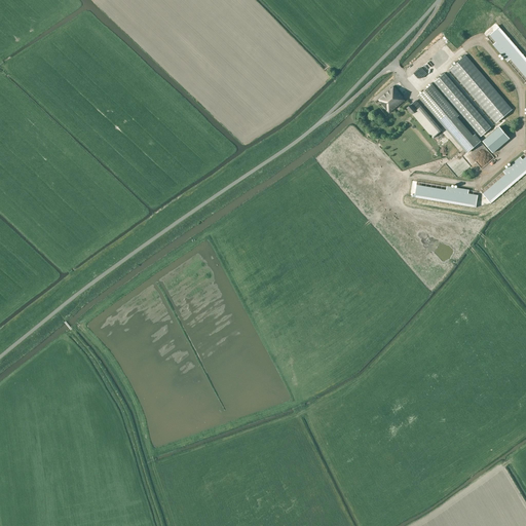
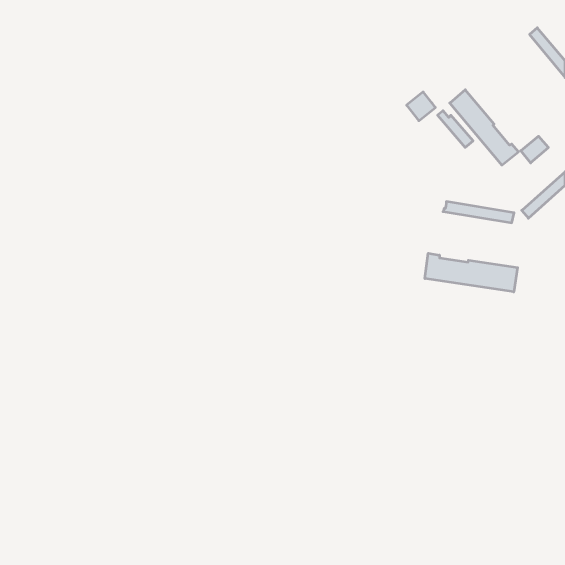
building: [448,54,511,122] -> none
building: [434,72,490,136] -> none
building: none -> [425,253,518,292]

